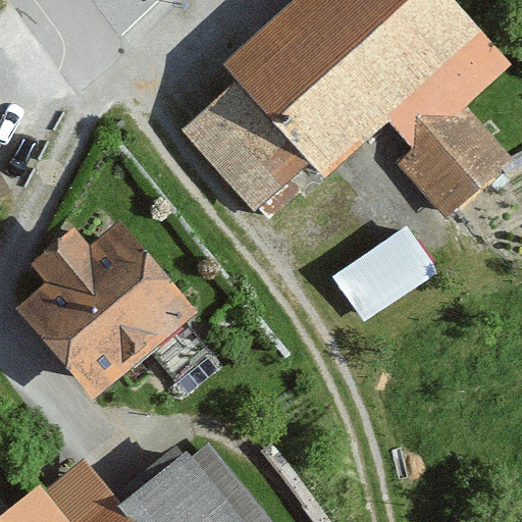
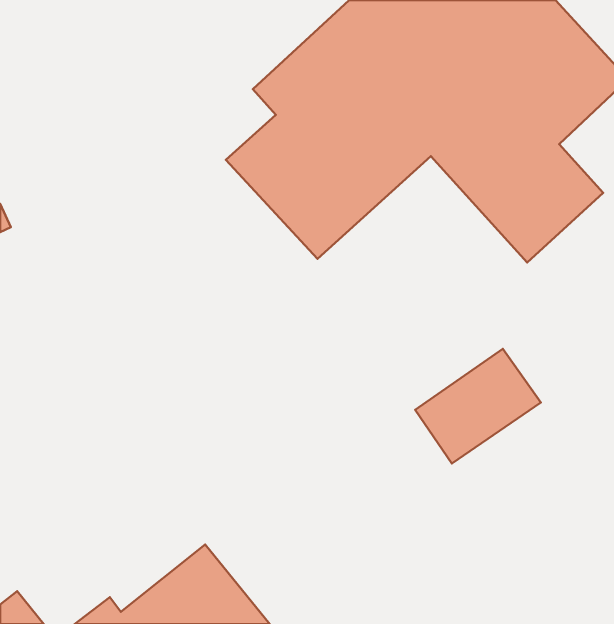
building: [342,217,447,313] -> [415,349,541,463]
building: [16,224,188,397] -> none

